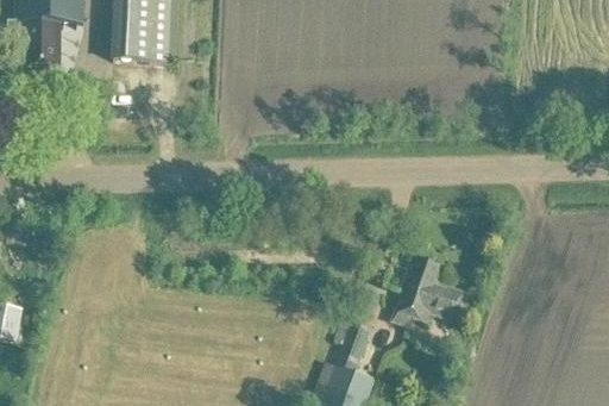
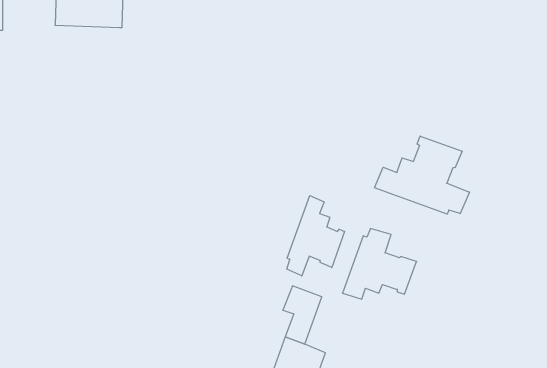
building: none -> [375,136,470,214]
building: none -> [287,196,345,276]

